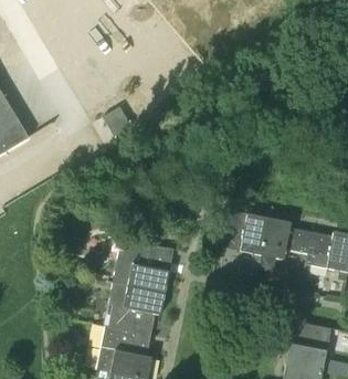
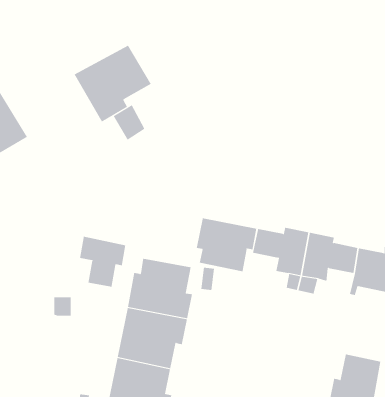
building: none -> [74,45,151,122]
building: none -> [196,218,257,272]
building: none -> [79,236,126,287]

